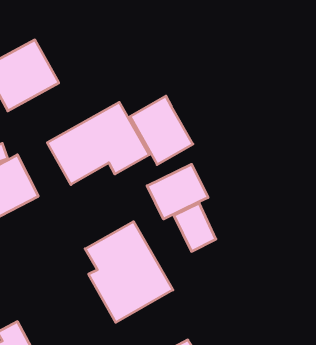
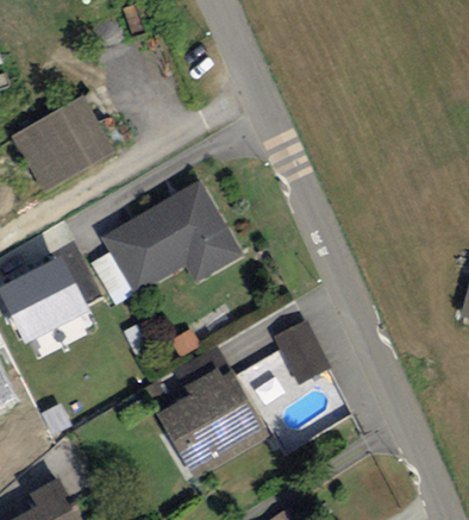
building: [130,96,193,165] -> none
building: [147,164,208,219] -> none

